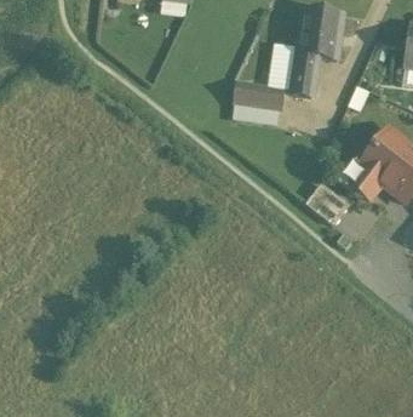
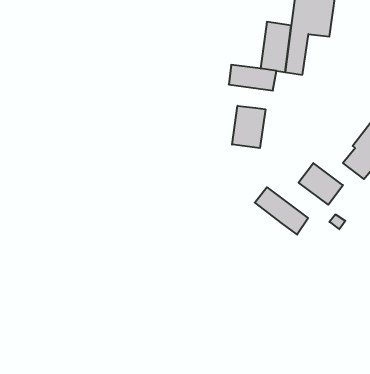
building: none -> [232,106,265,148]
building: none -> [255,187,308,235]

